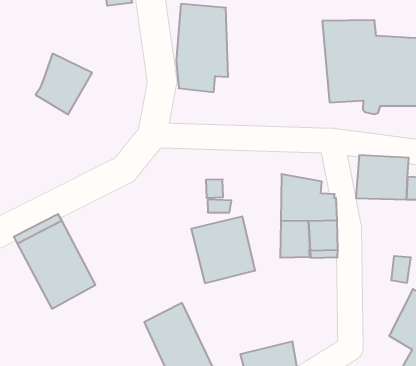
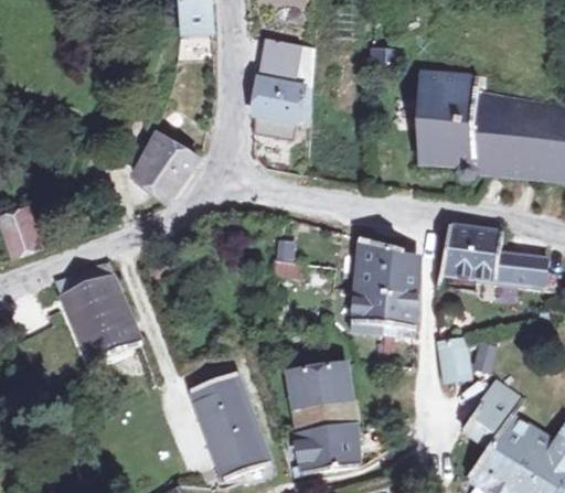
building: [36,54,92,115] -> [135,132,200,202]
building: [191,216,255,283] -> [288,364,355,435]
building: none -> [438,339,469,381]

